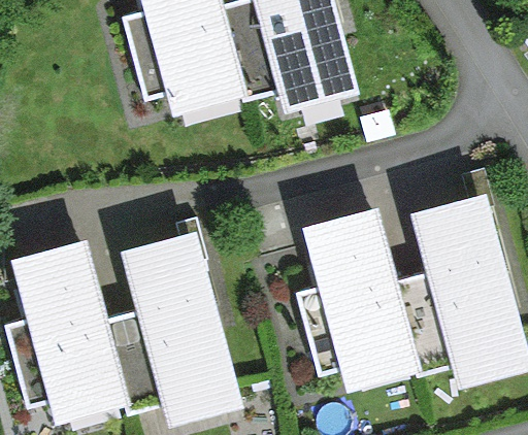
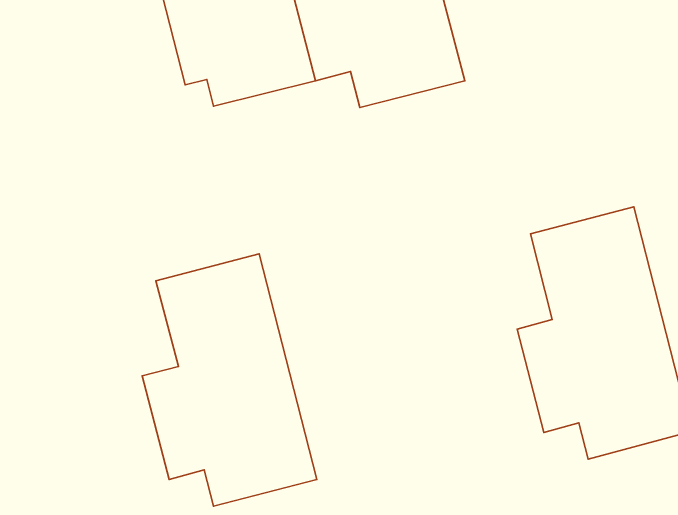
building: [298,204,420,388] -> none
building: [11,240,132,424] -> none

